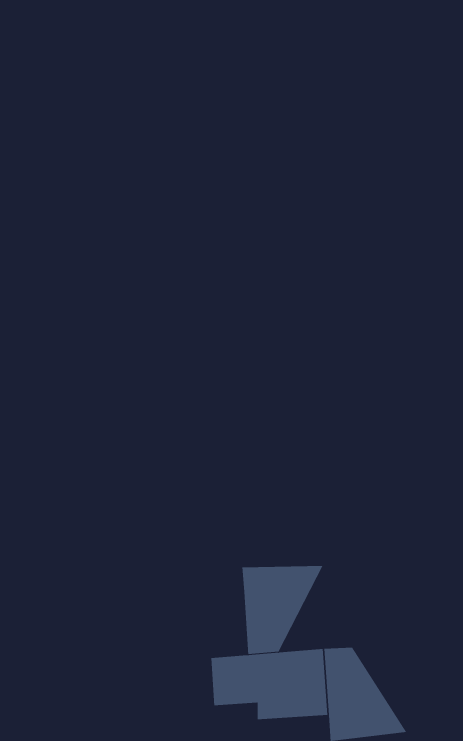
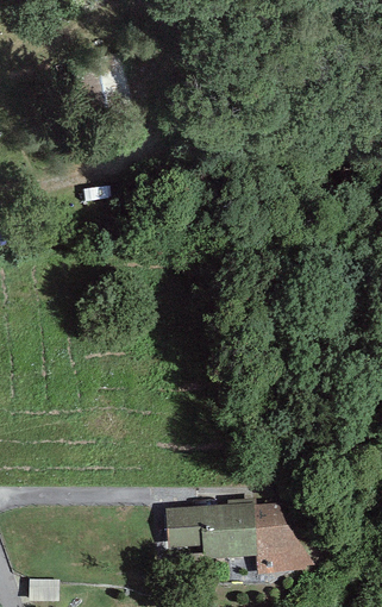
building: [242,565,324,655] -> none

